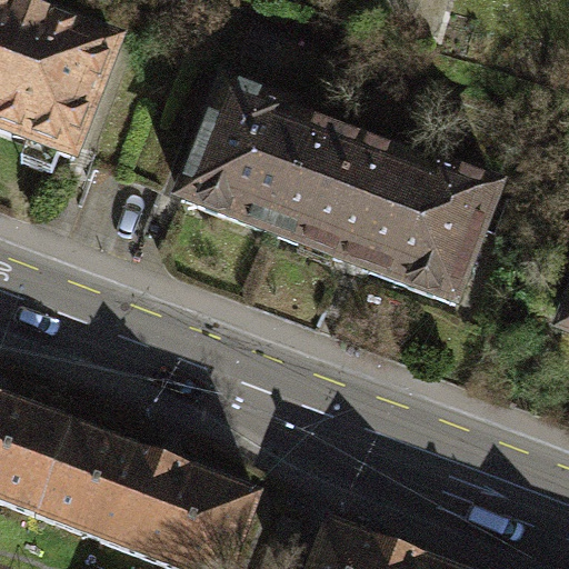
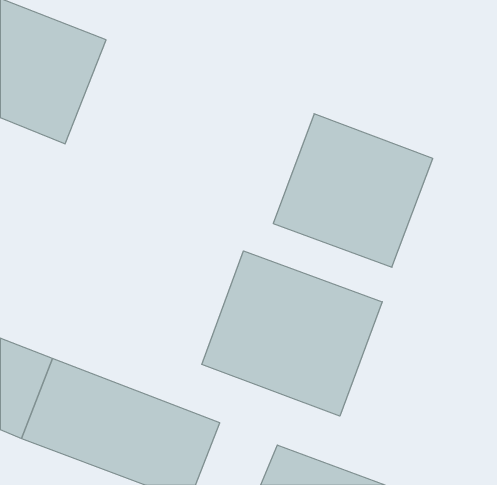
building: [176,80,359,256] -> none
building: none -> [202,251,382,416]

